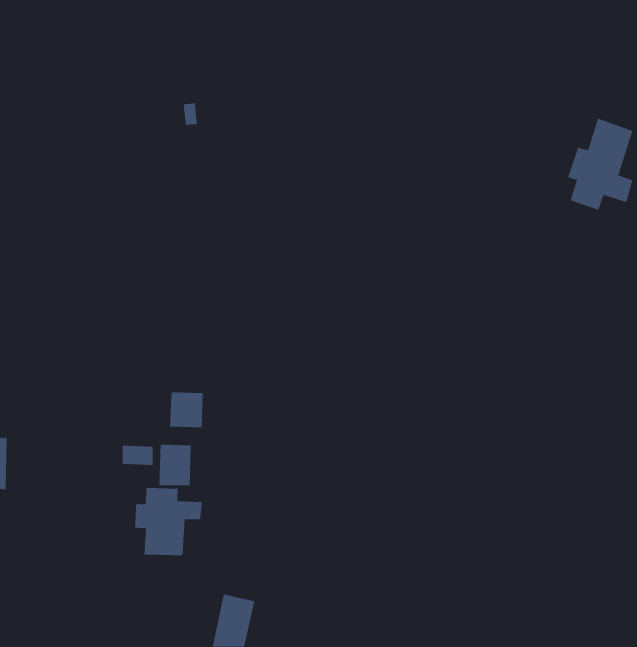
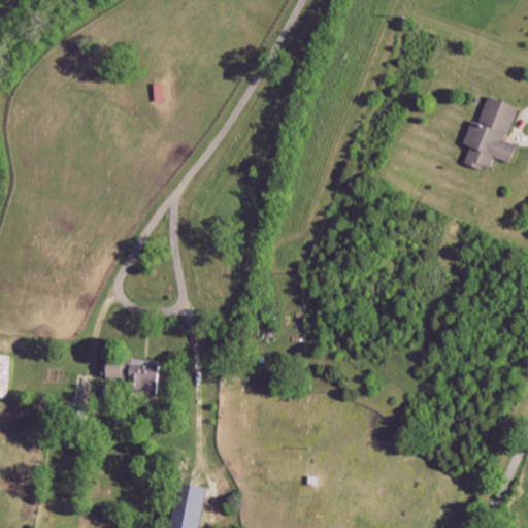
building: [169,391,203,428] -> none
building: [135,487,203,556] -> none

